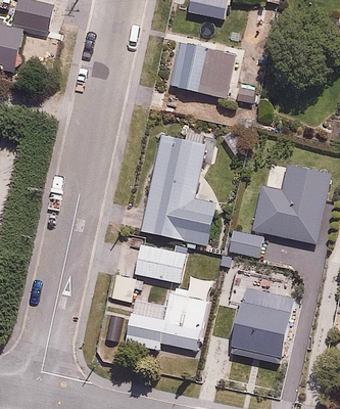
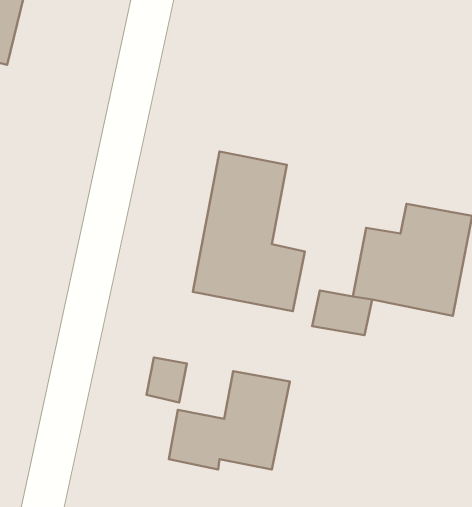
building: [169,40,237,117] -> none
building: [133,242,184,281] -> none
building: [231,271,295,362] -> none

